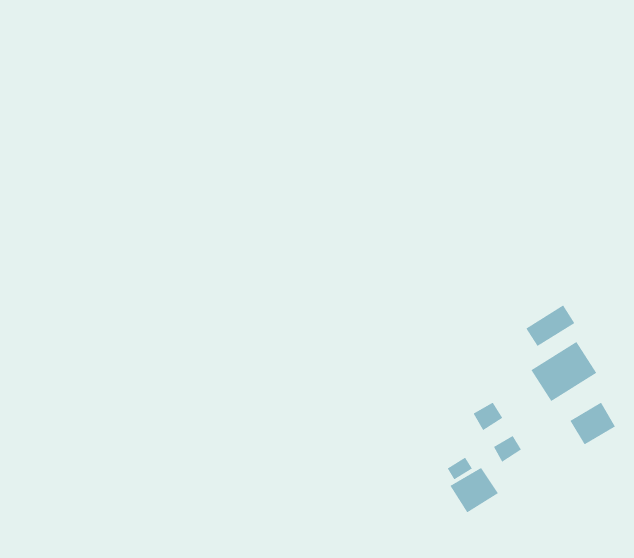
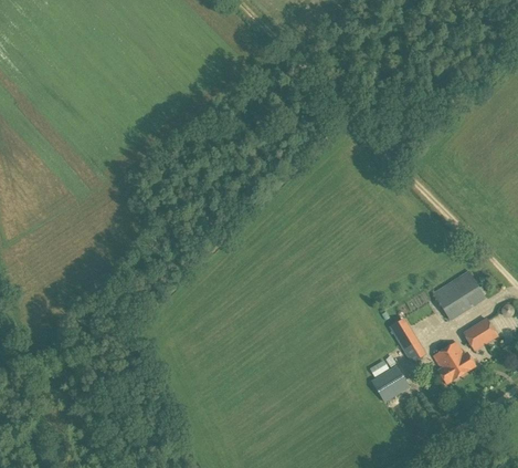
building: [526,305,575,347] -> none
building: none -> [434,342,476,384]

